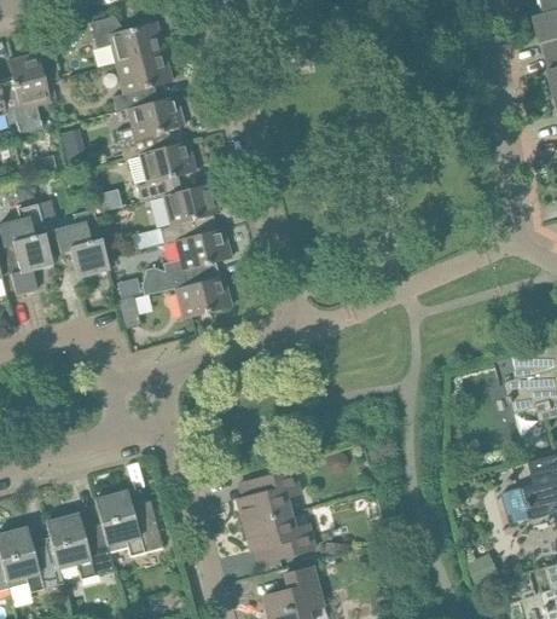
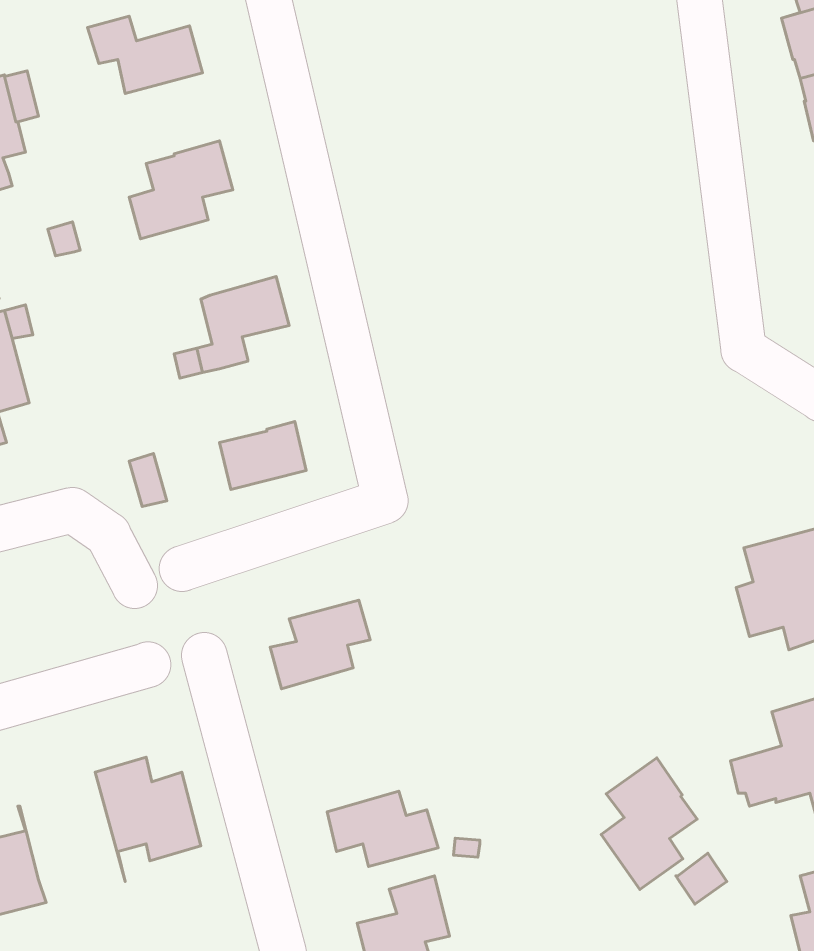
building: [111,51,170,111] -> none
building: [123,140,195,202] -> none
building: [53,208,109,277] -> none
building: [140,227,230,295] -> none
building: [236,468,300,525] -> [270,600,370,689]
building: none -> [601,758,697,889]
building: [46,499,114,578] -> none

